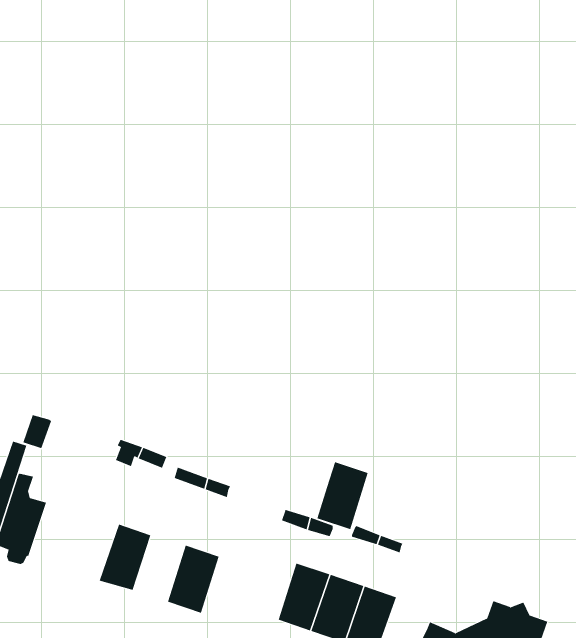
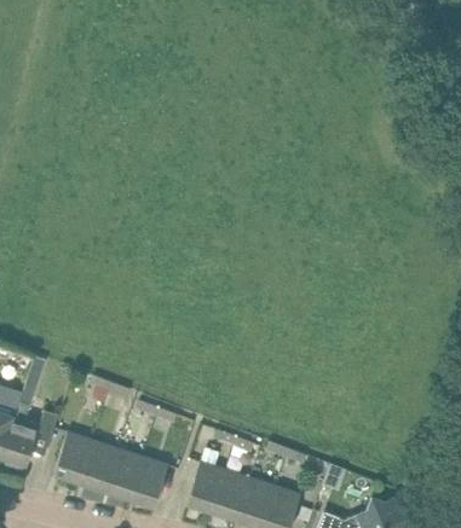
building: [316,461,369,530] -> [186,462,225,512]
building: none -> [53,433,93,483]
building: none -> [104,449,143,499]

